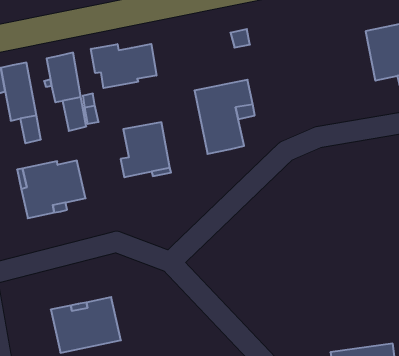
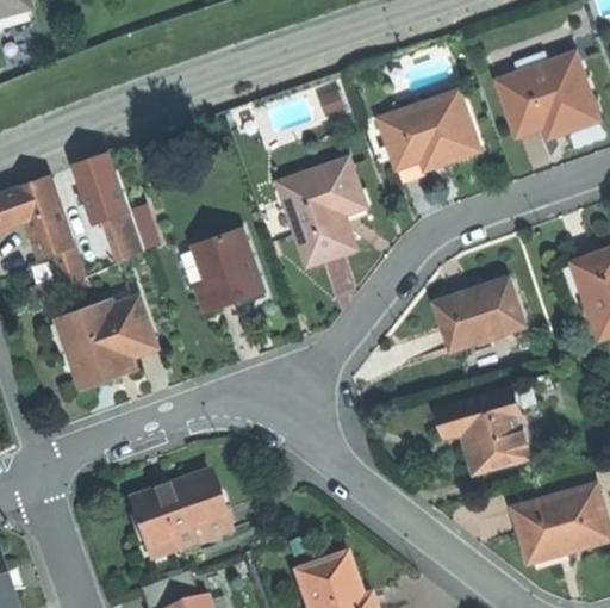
building: none -> [381,89,481,167]
building: [91,44,156,88] -> none
building: none -> [434,278,523,350]
building: none -> [438,389,530,470]

